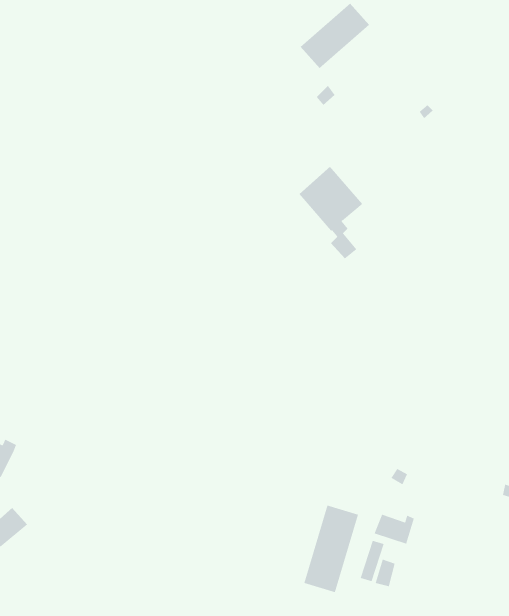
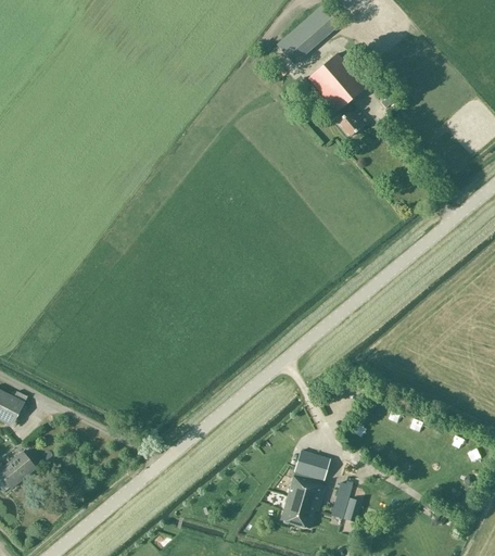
building: [298,166,363,259] -> [308,53,366,136]
building: [374,514,414,544] -> none

